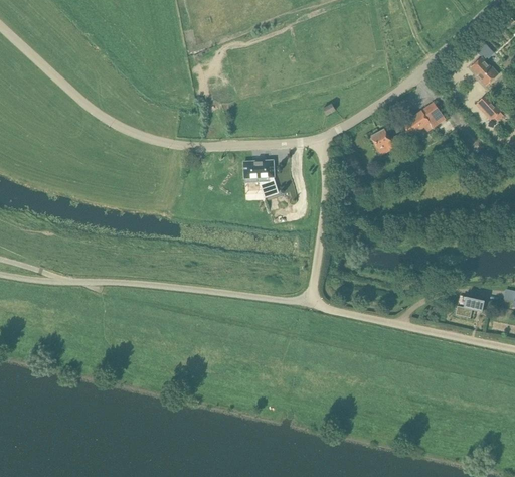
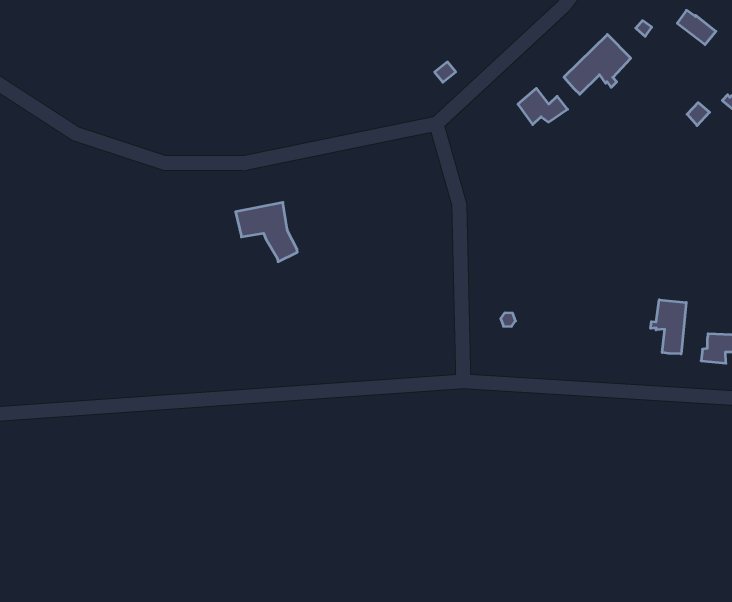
building: [242,160,277,196] -> [236,202,297,262]
building: none -> [651,300,686,354]

